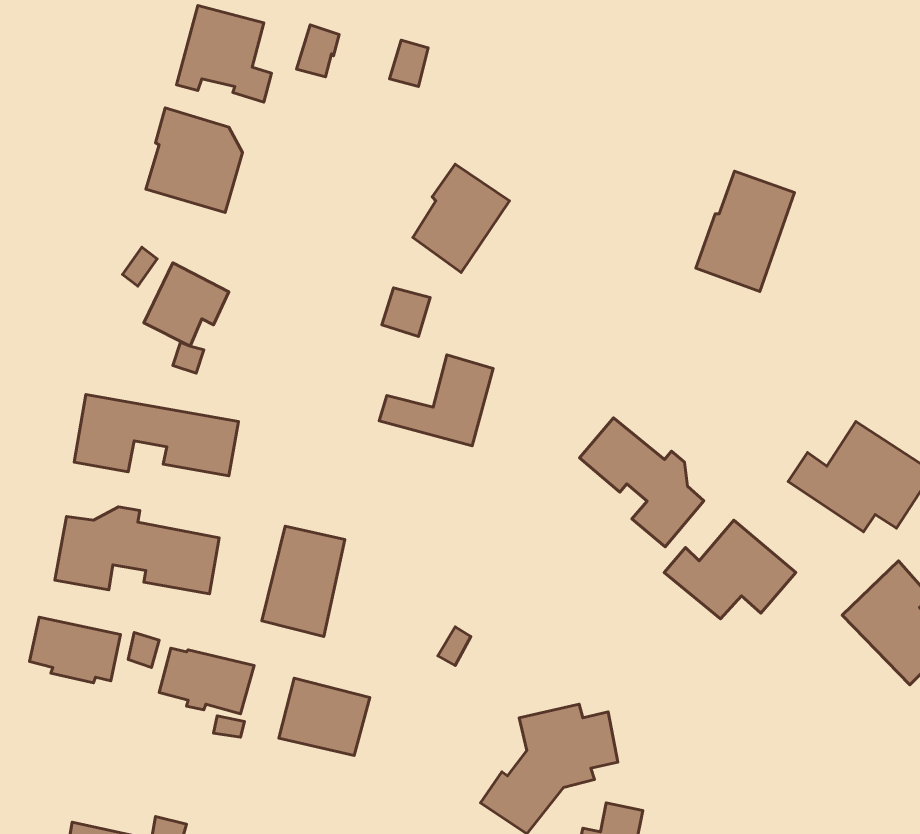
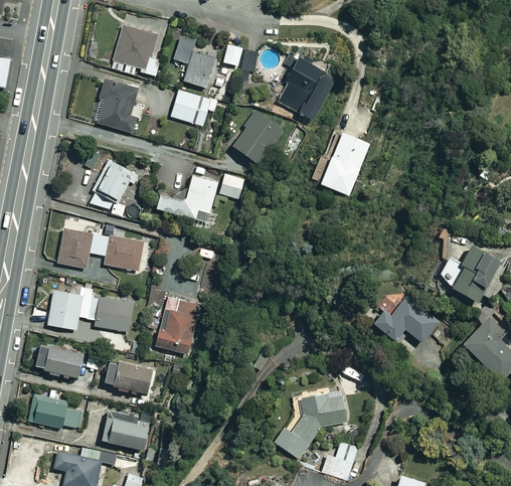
building: none -> [184,52,214,88]
building: none -> [277,56,333,121]
building: none -> [171,90,215,126]
building: [696,171,795,291] -> [316,133,367,195]
building: [379,355,493,446] -> [158,175,217,222]
building: [579,418,704,547] -> none
building: [279,678,370,756] -> [104,412,151,452]
building: none -> [29,388,83,428]

